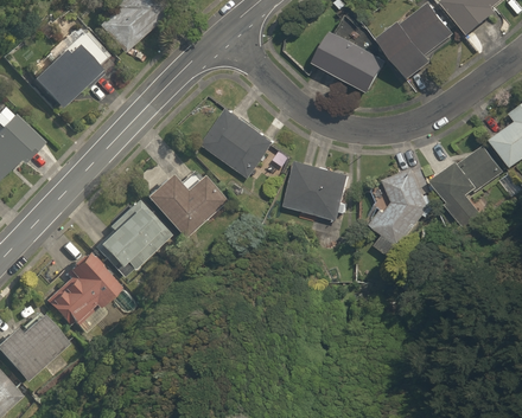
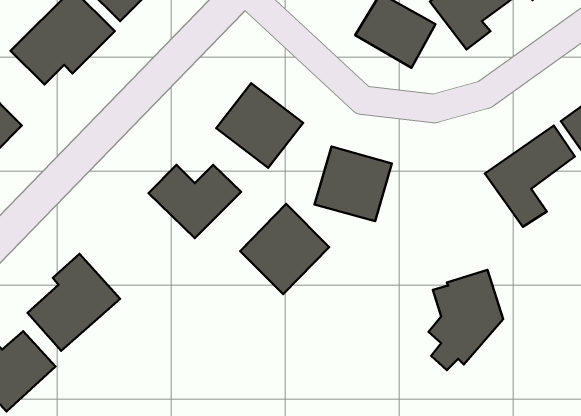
building: [370,171,433,255] -> [428,270,503,370]
building: [95,201,166,272] -> none
building: none -> [240,204,329,294]

